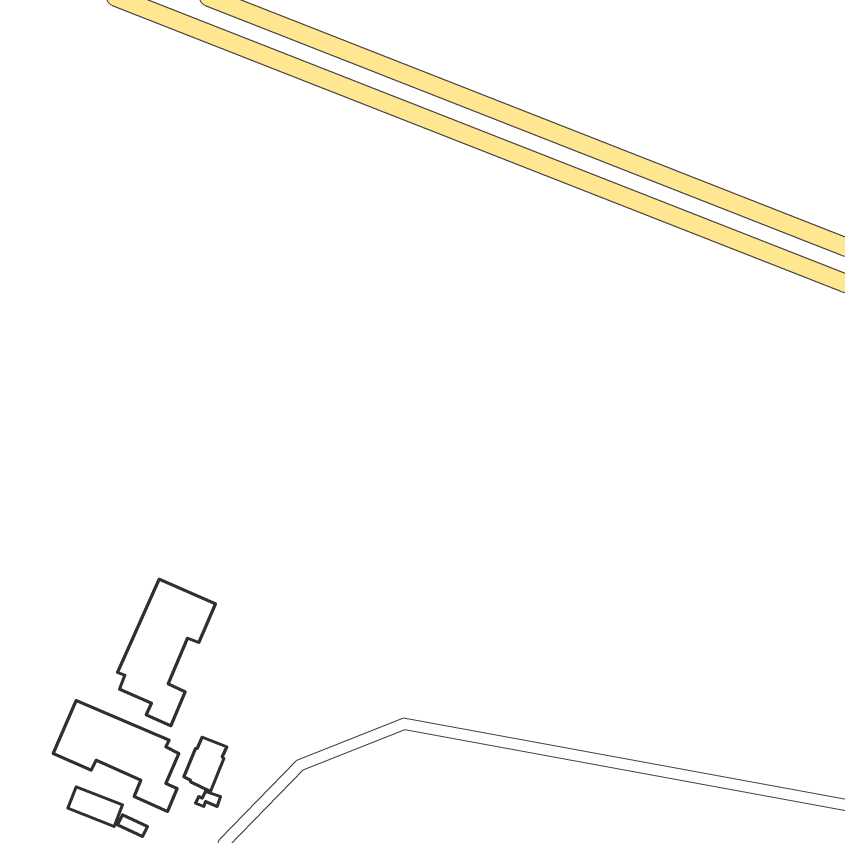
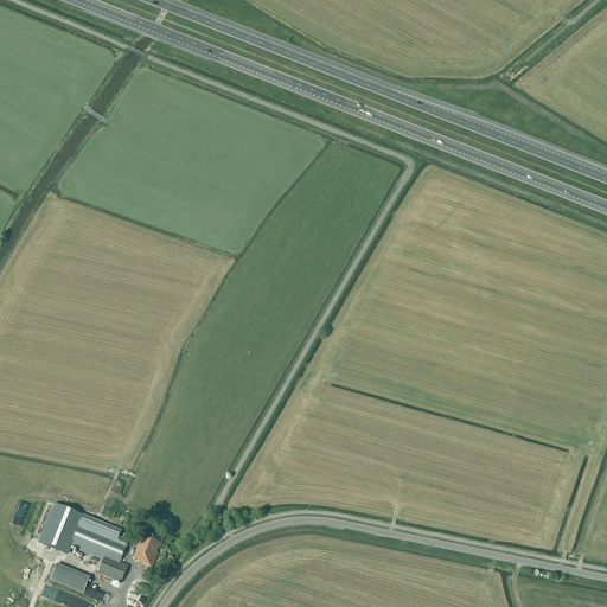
building: [117,579,216,726] -> none

